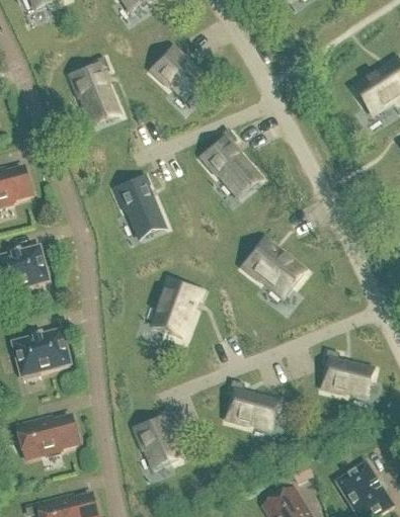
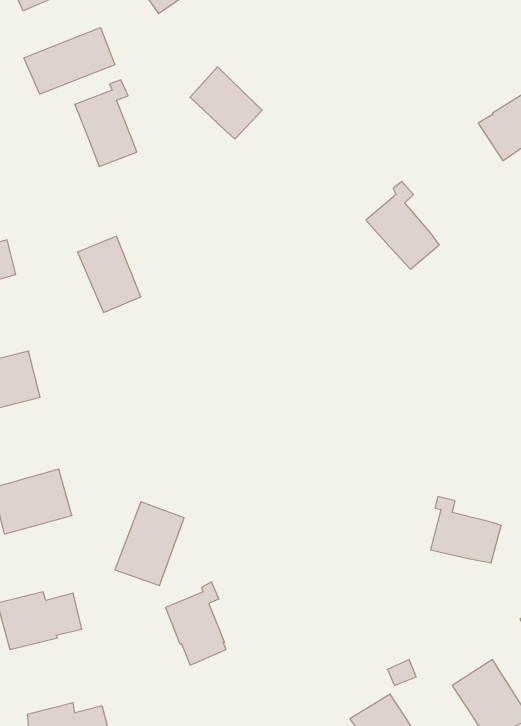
building: none -> [24,28,115,94]
building: [203,130,254,191] -> [366,181,439,269]
building: [116,177,161,231] -> [77,236,141,313]
building: [243,240,304,296] -> none
building: [152,279,201,338] -> [115,502,184,586]
building: [227,381,275,429] -> none

